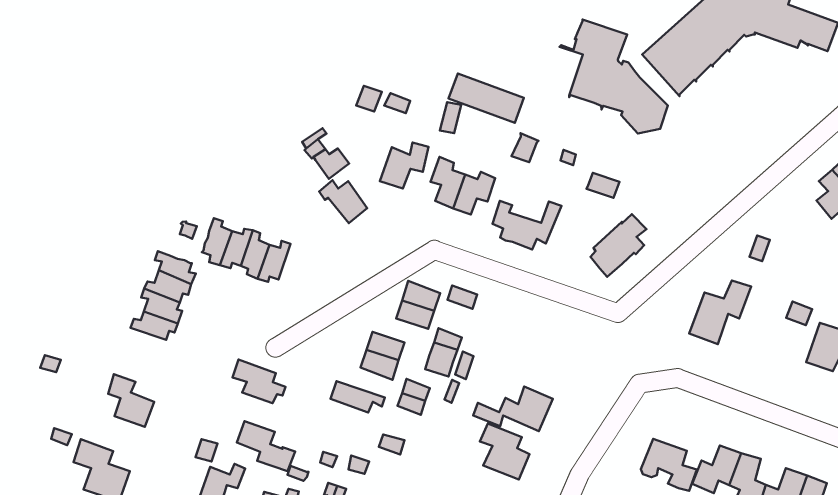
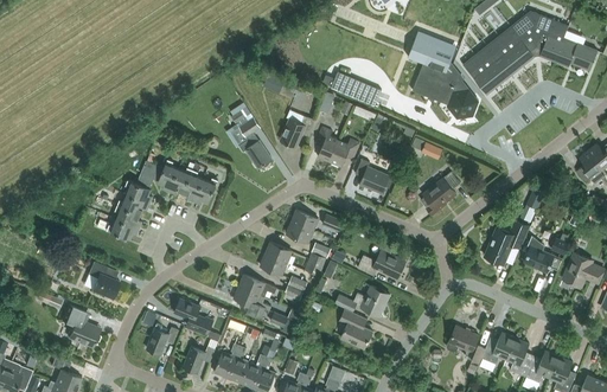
building: none -> [524,234,554,272]
building: none -> [358,243,405,278]
building: [232,360,285,403] -> [235,287,270,317]

